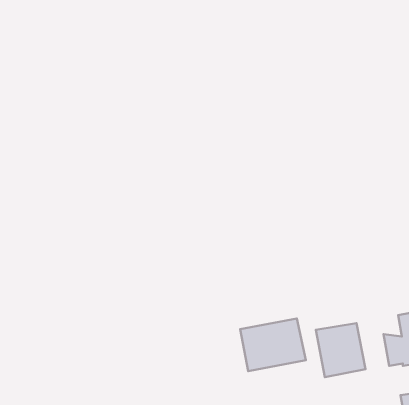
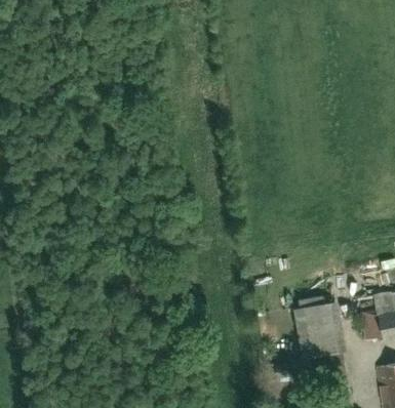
building: [240,319,306,371] -> none

